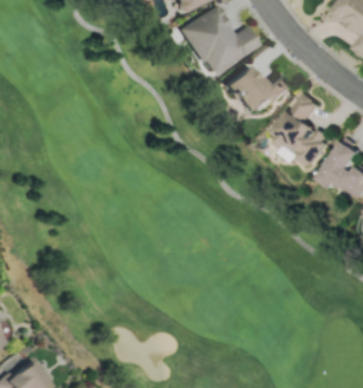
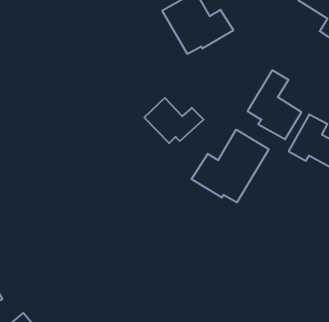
building: [221,65,286,115] -> [144,98,204,143]
building: none -> [191,130,269,202]

